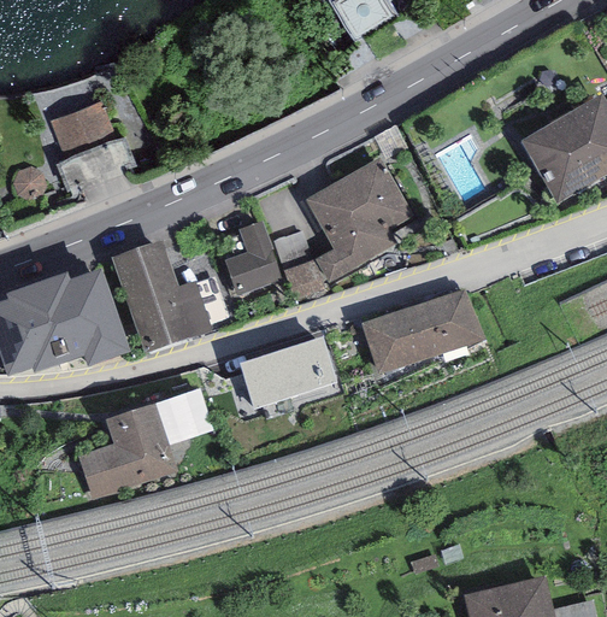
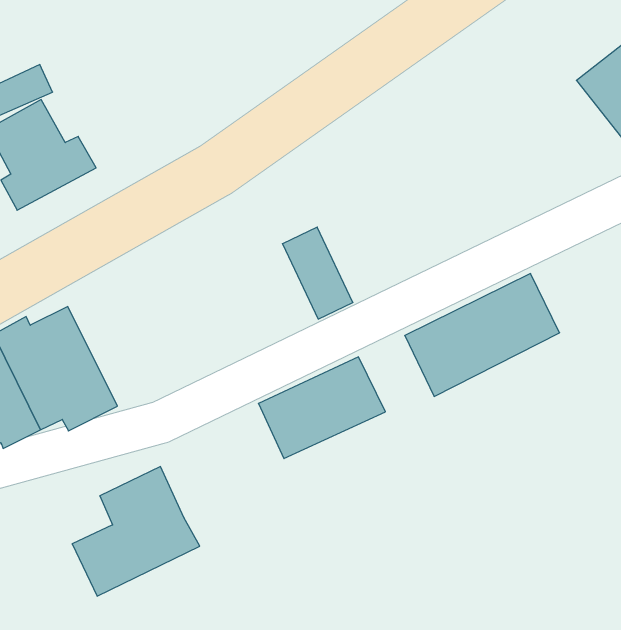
building: [305,158,412,283] -> none
building: [224,223,281,295] -> none
building: [112,241,212,354] -> none
building: [155,388,214,445] -> none

